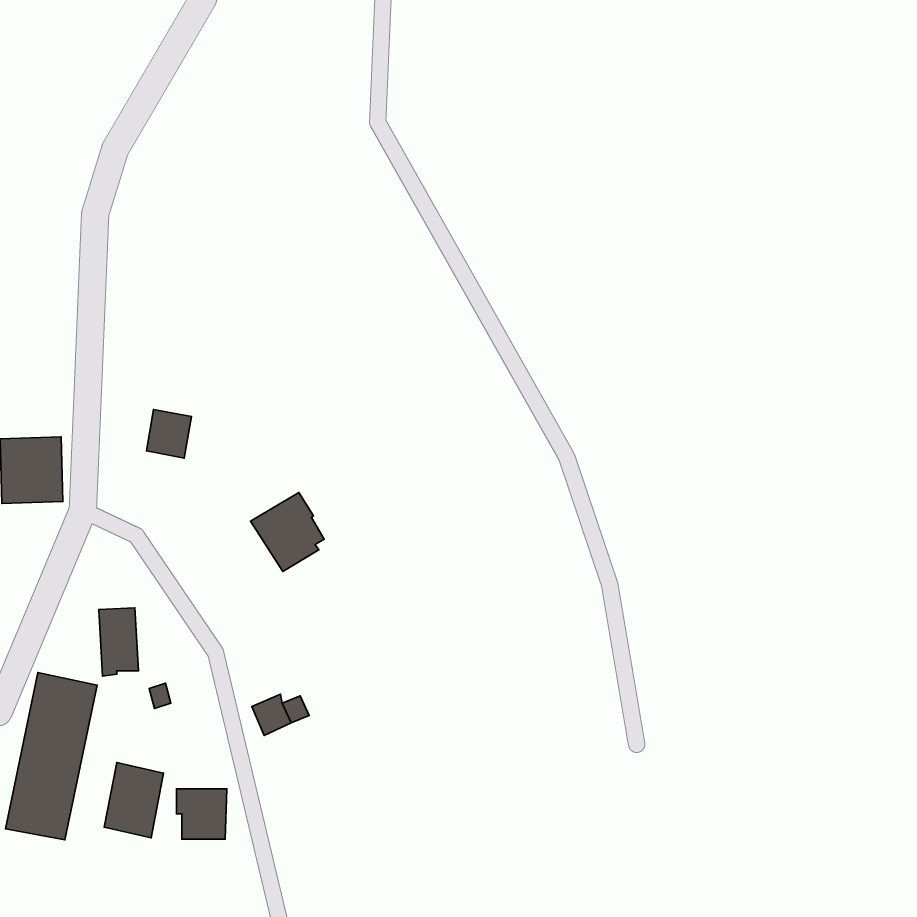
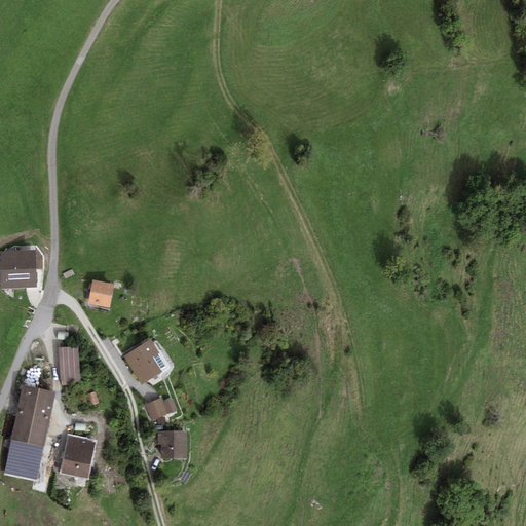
building: [146,409,191,458] -> [87,279,113,307]
building: [250,492,324,571] -> [122,339,164,384]
building: [177,789,227,839] -> [157,430,186,459]

